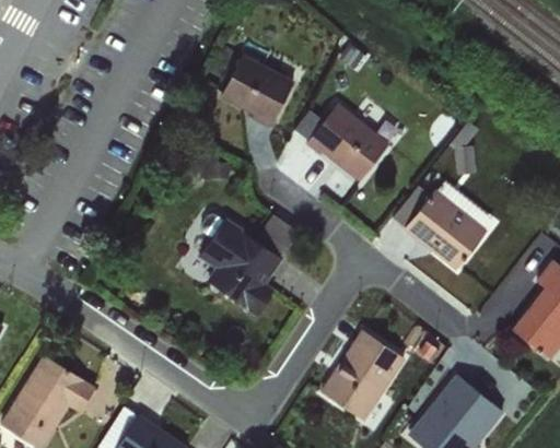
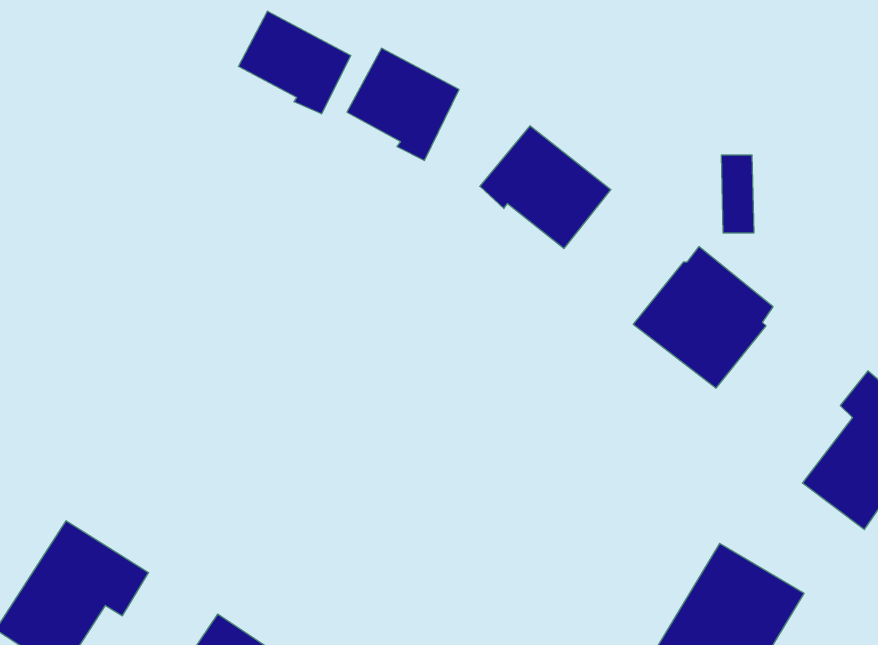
building: none -> [238,11,351,114]
building: [198,217,282,317] -> none
building: [319,328,405,422] -> none

